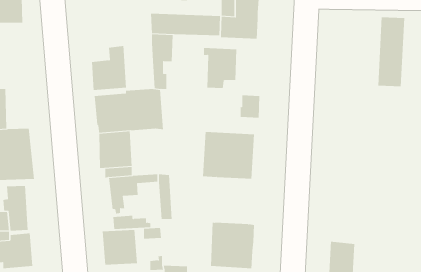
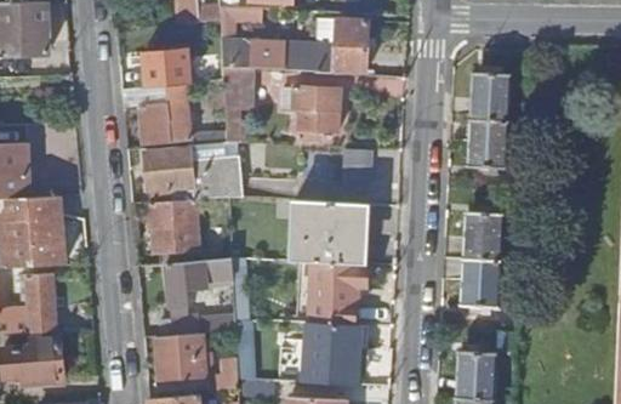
building: [377,17,405,87] -> [473,72,511,166]
building: none -> [142,49,188,87]
building: none -> [466,210,503,307]
building: none -> [307,262,365,325]

